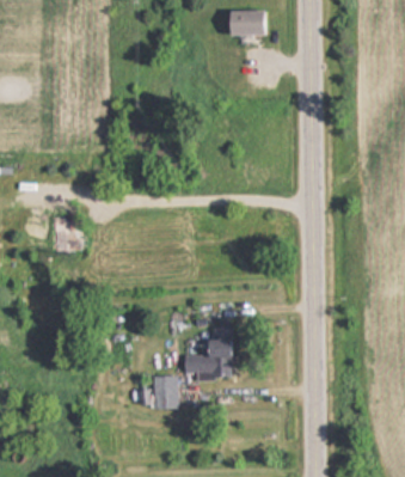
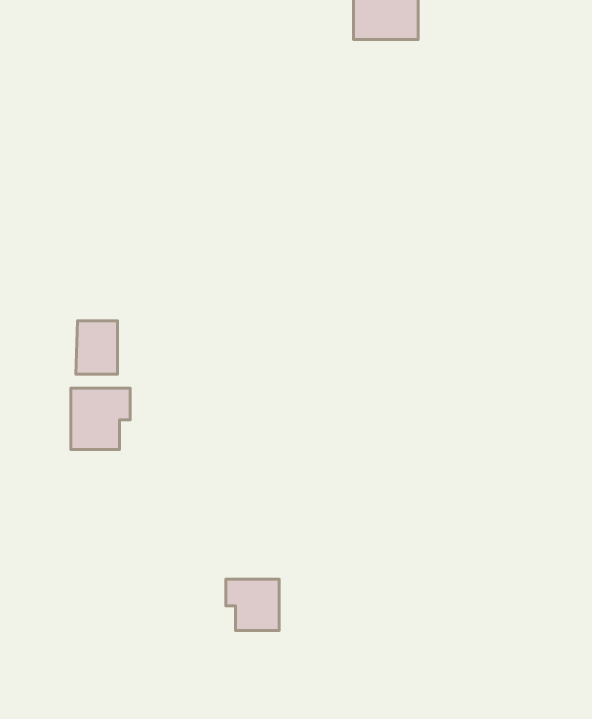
building: none -> [71,388,130,449]
building: [186,328,234,379] -> none

